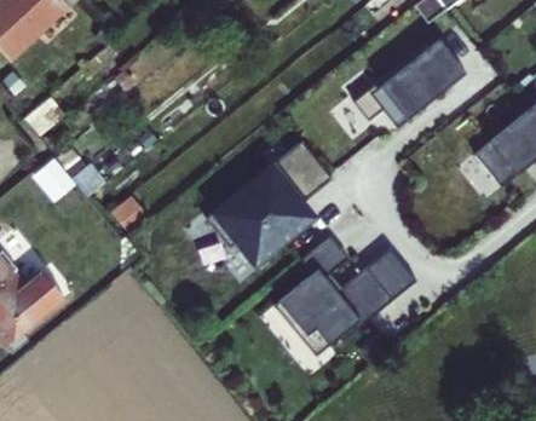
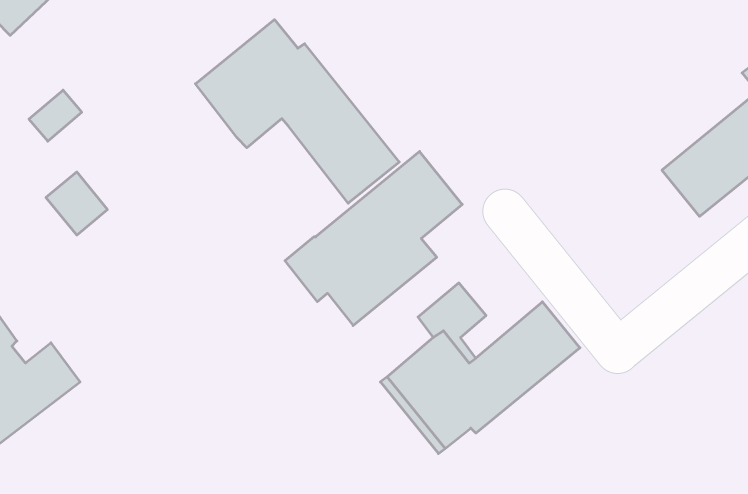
building: [351,39,465,127] -> none
building: none -> [195,20,399,203]

